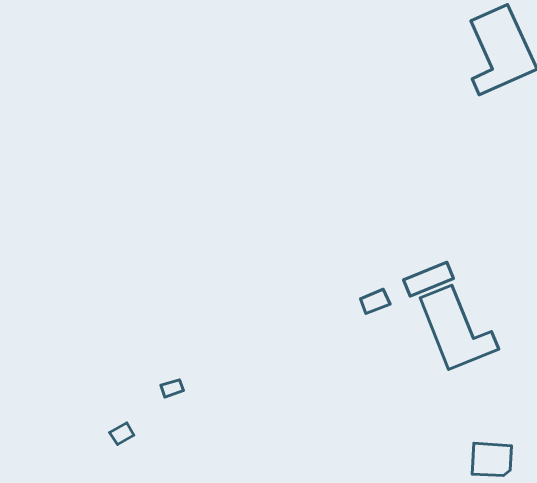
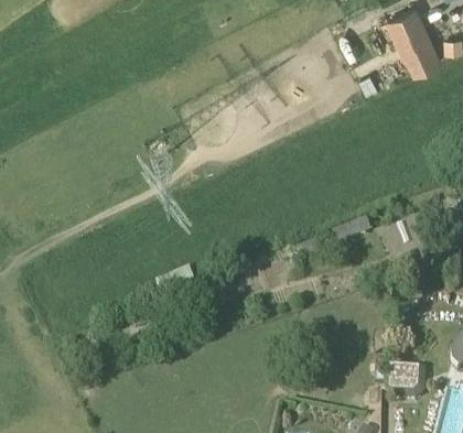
building: [420,285,499,370] -> none

